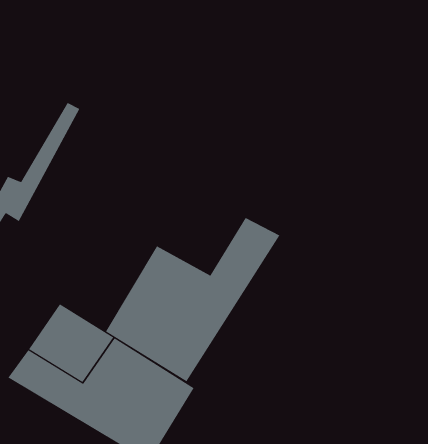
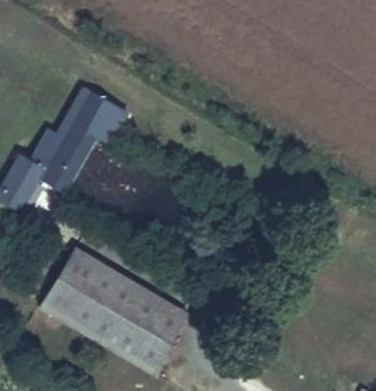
building: none -> [48,91,130,197]
building: [105,217,280,382] -> none

